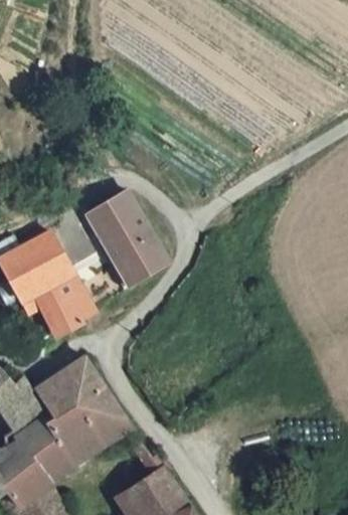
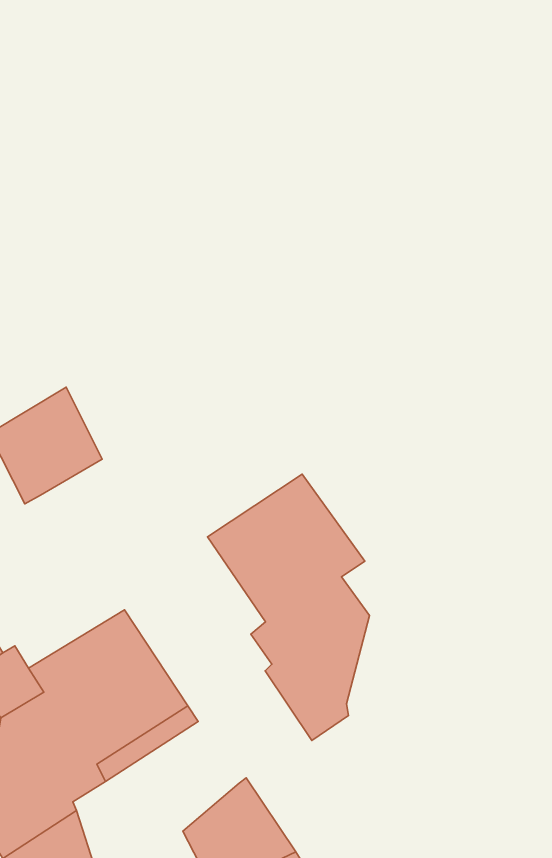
building: [84,188,167,287] -> none
building: [33,274,88,338] -> none
building: none -> [207,474,369,740]

